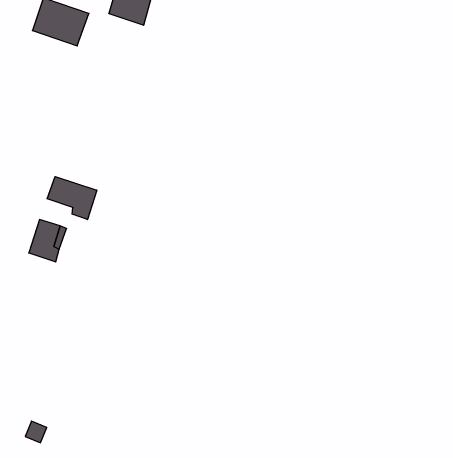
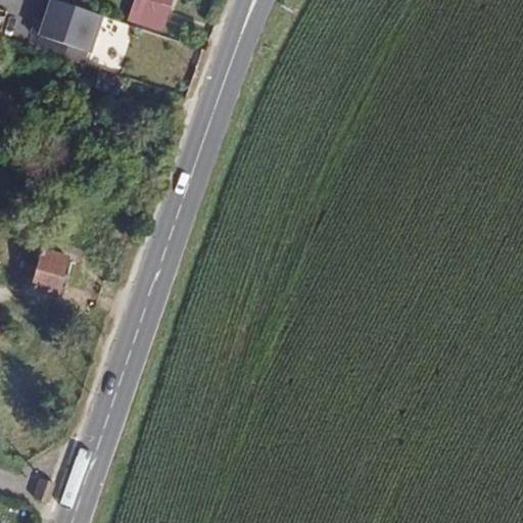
building: [47,177,97,220] -> none

